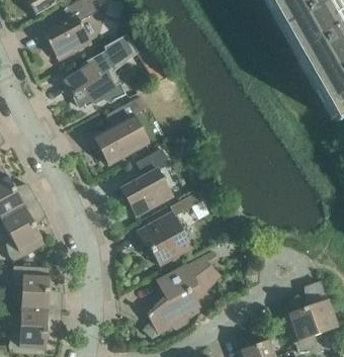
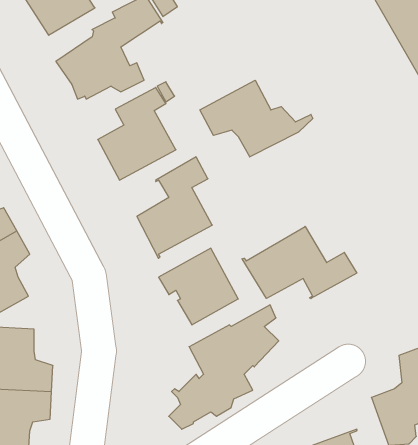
building: none -> [200,80,313,157]
building: none -> [242,226,357,299]

